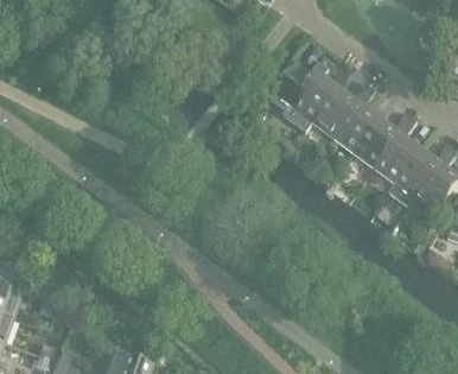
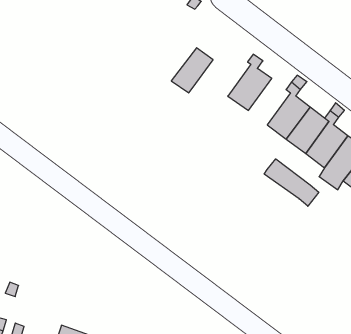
building: [268,61,313,109] -> [171,48,213,93]
building: [313,85,358,135] -> none
building: none -> [264,159,319,206]

